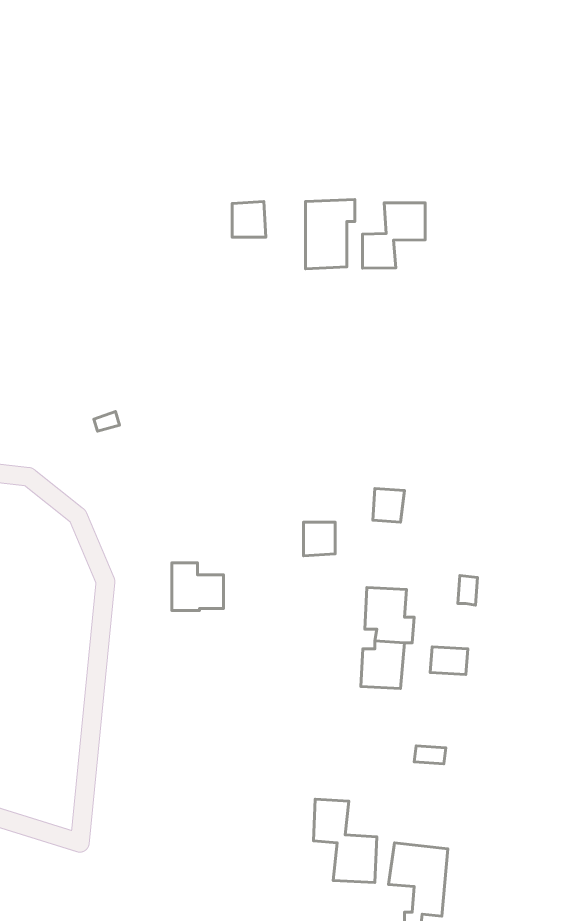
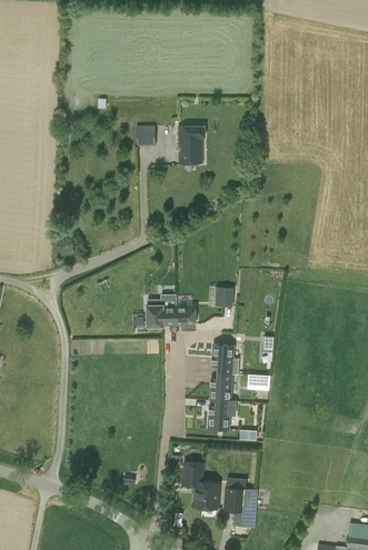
building: [363,203,425,268] -> none
building: [172,563,223,610] -> [148,299,177,326]
building: none -> [207,398,237,429]

